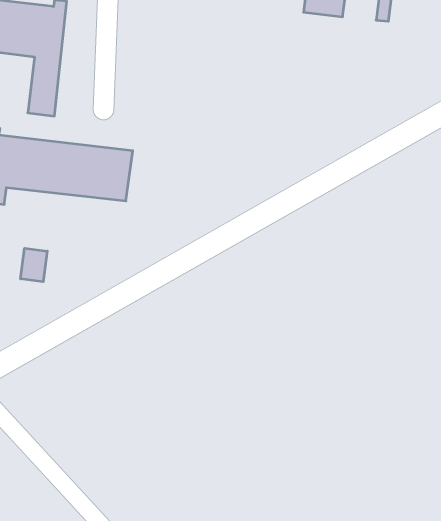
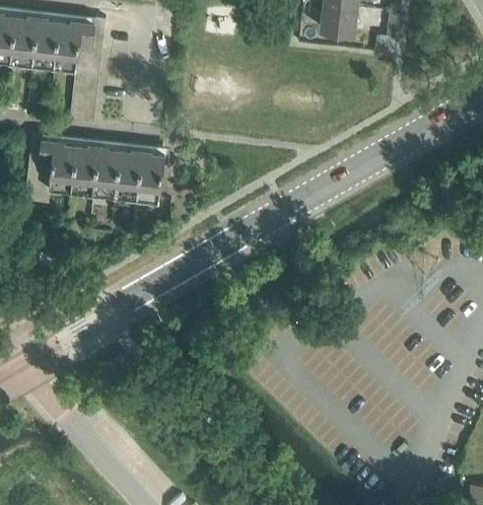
building: [21,248,47,282] -> none

